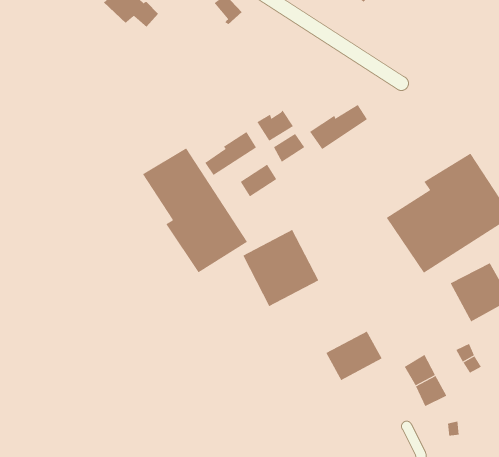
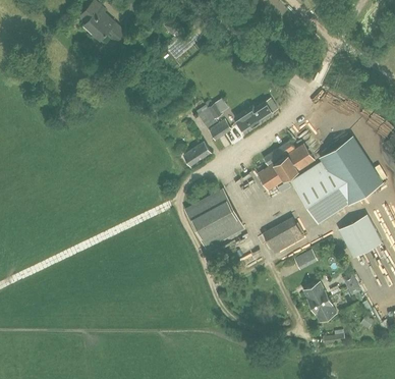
building: [205,131,257,176] -> none
building: [142,148,248,273] -> none
building: none -> [257,142,314,191]
building: [325,331,382,381] -> [262,218,303,255]

